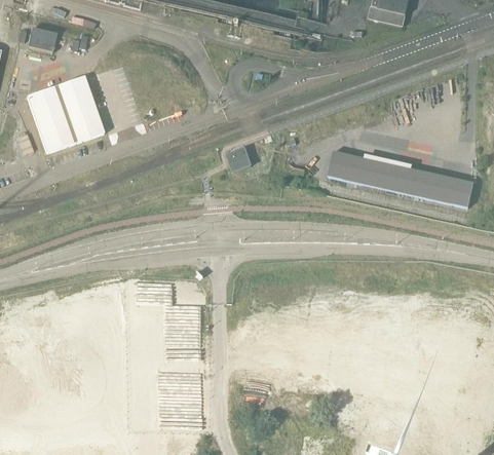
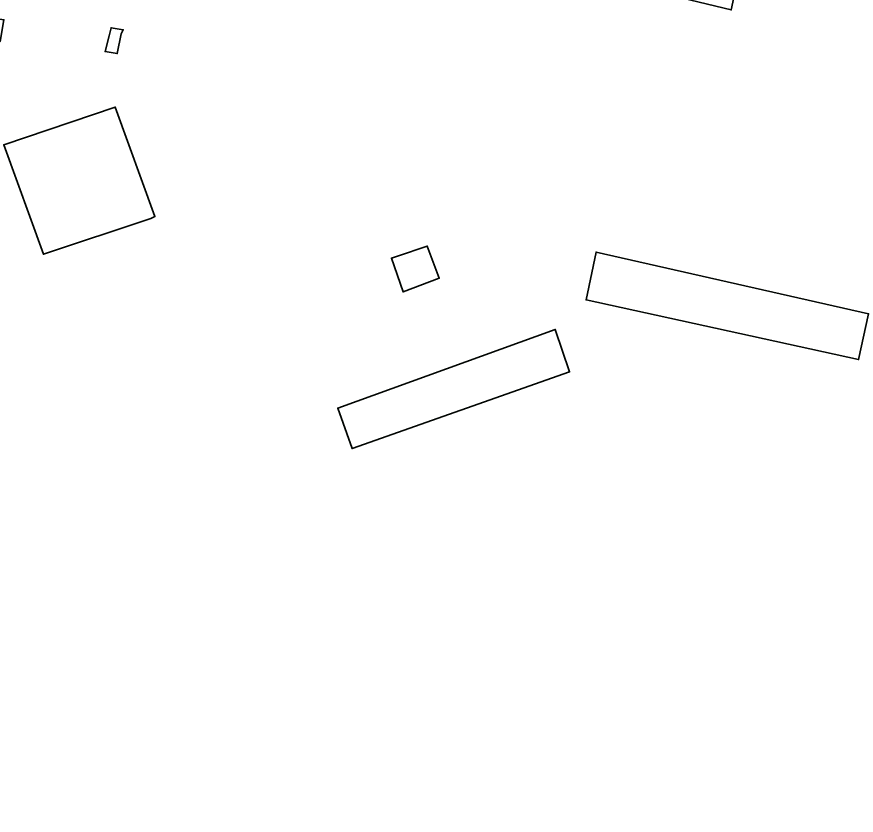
building: [29,29,58,53] -> none
building: none -> [338,330,569,448]

